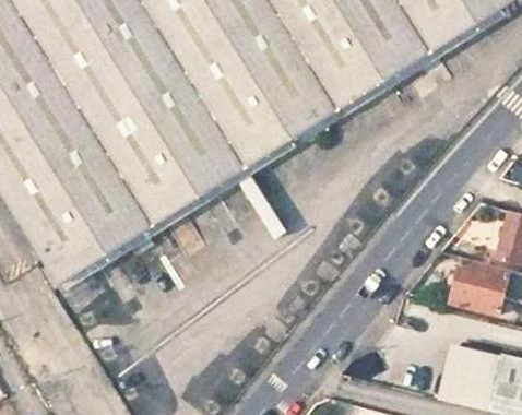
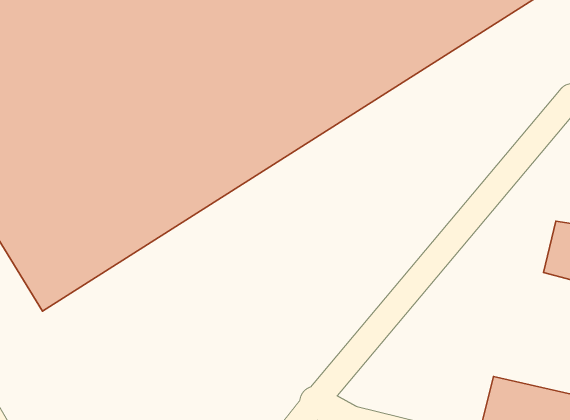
building: [452,256,511,312] -> none

